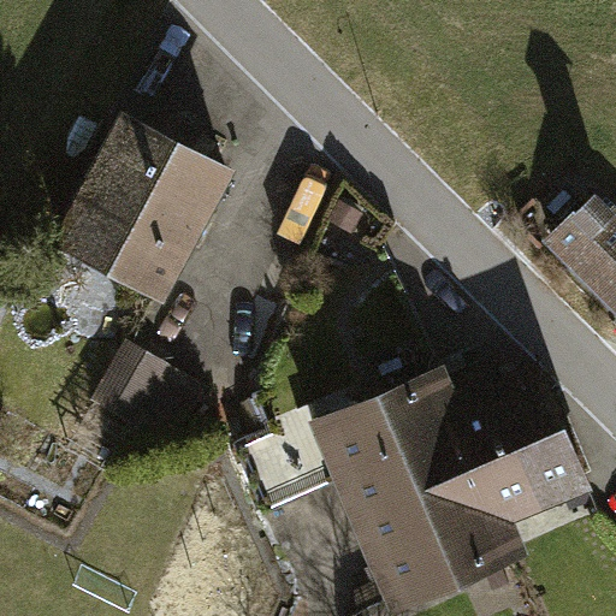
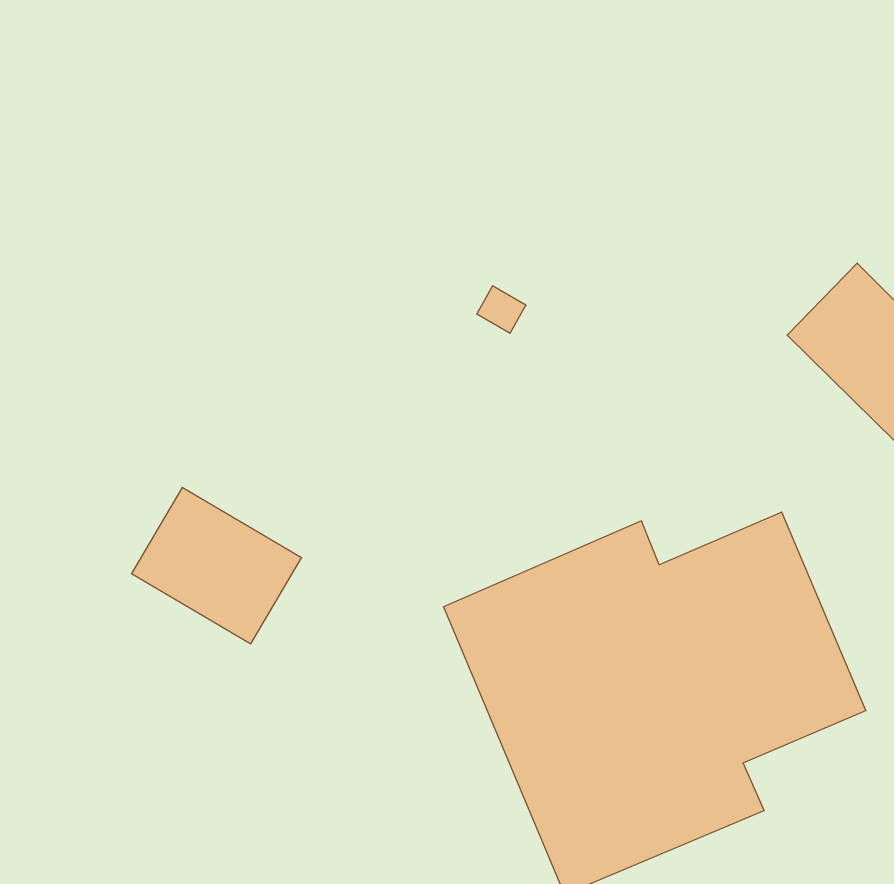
building: [49,111,233,306] -> none

